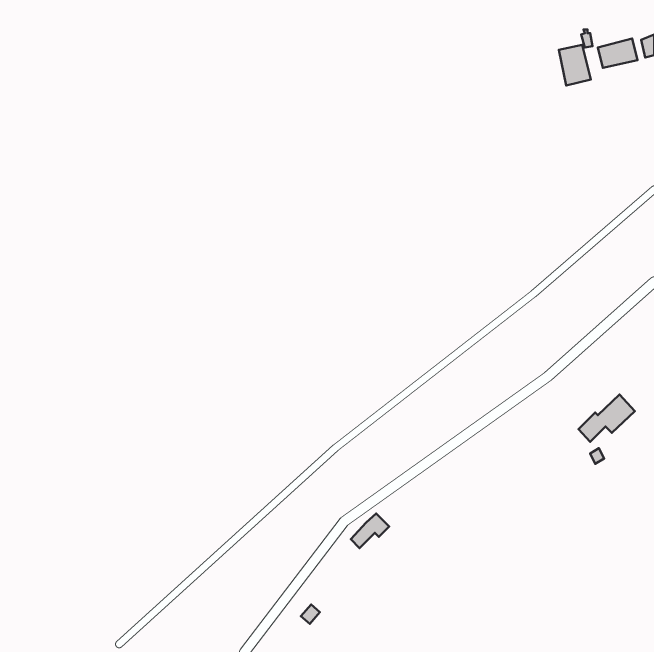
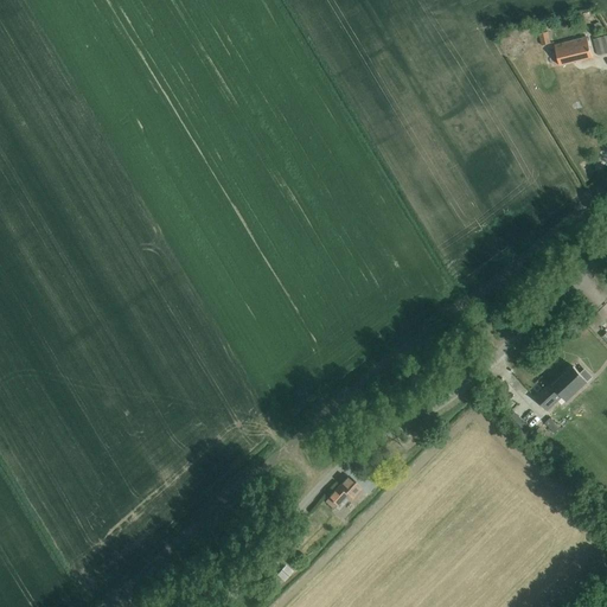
building: [559,45,591,85] -> none

